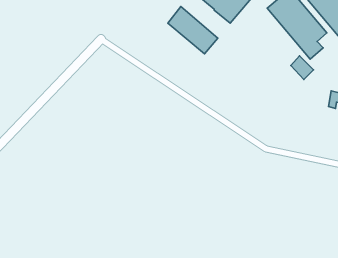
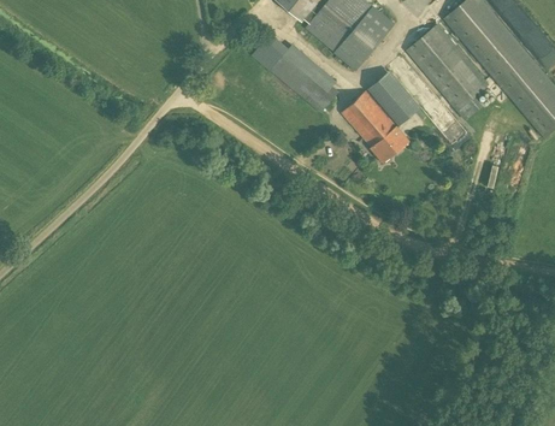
building: none -> [341,75,413,161]

